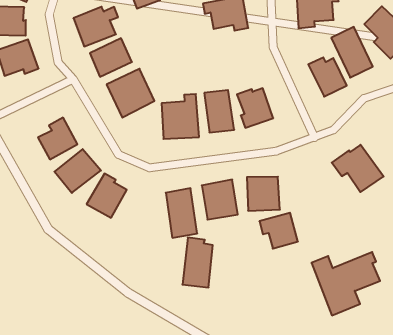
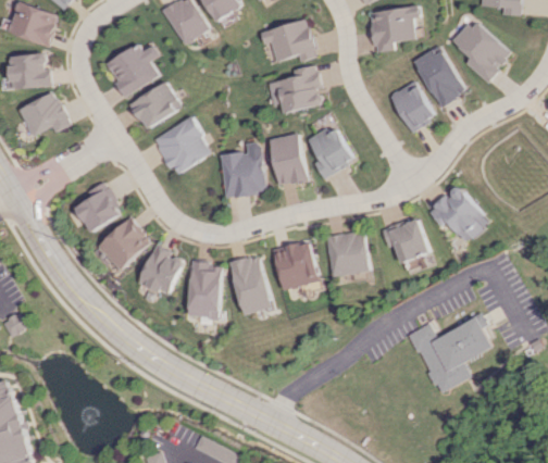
building: none -> [265,65,322,113]
building: [259,213,298,249] -> [381,218,428,263]
building: [182,238,213,287] -> [188,261,221,318]

